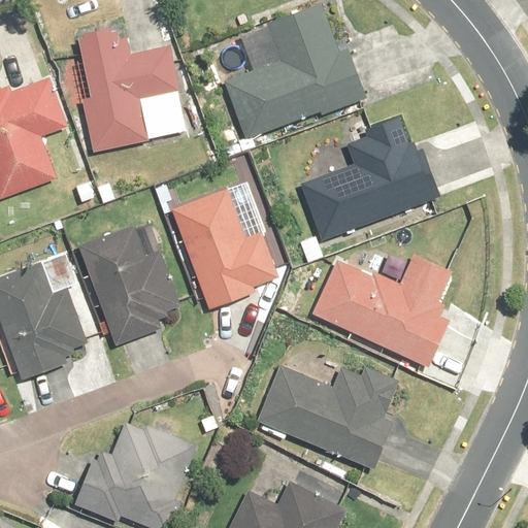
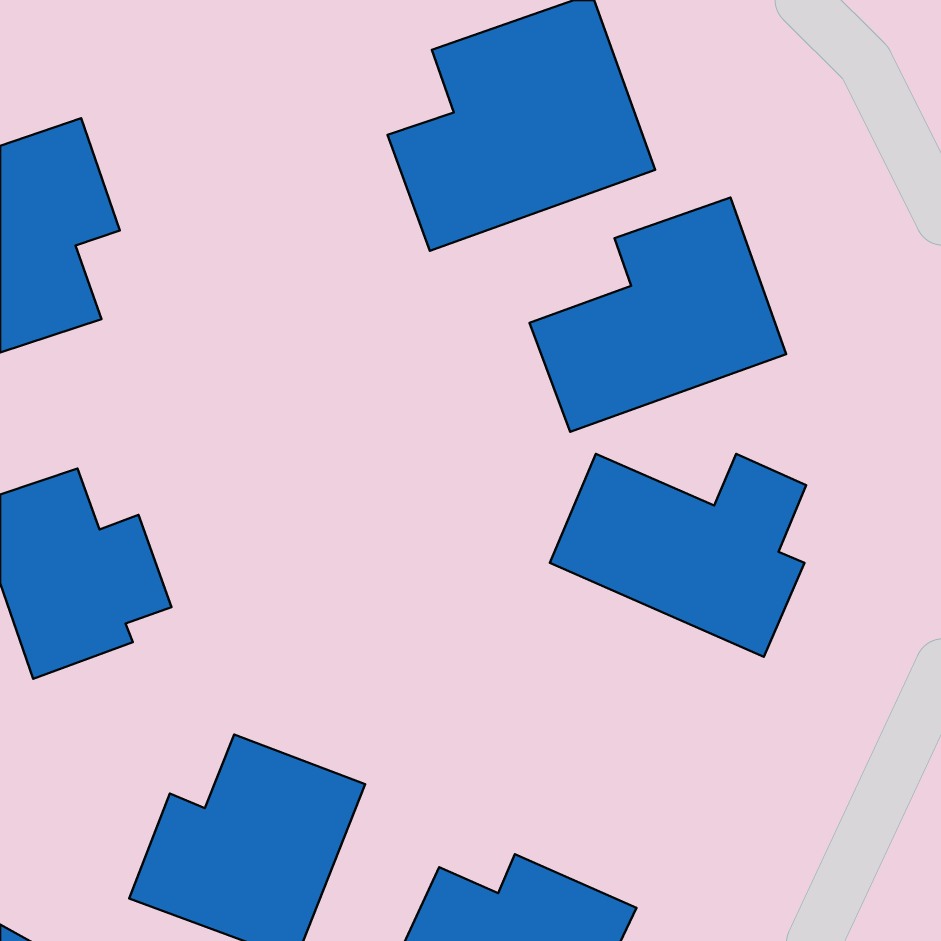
building: [67,26,180,155] -> none
building: [171,189,282,310] -> none
building: [77,223,189,345] -> none
building: [254,364,403,469] -> none

